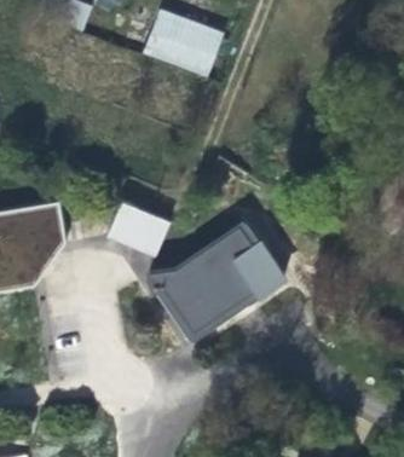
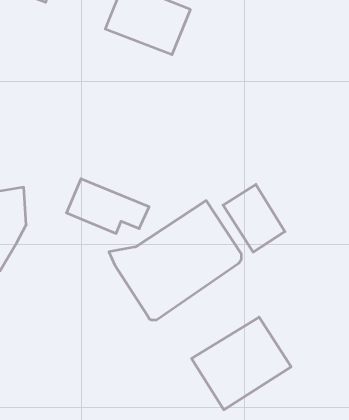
building: none -> [223,184,285,252]
building: none -> [192,317,291,410]

